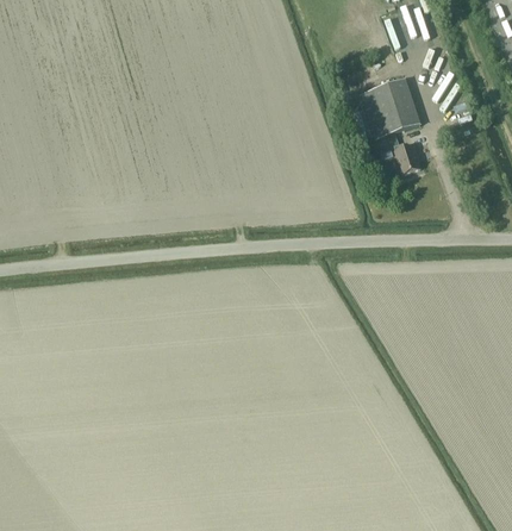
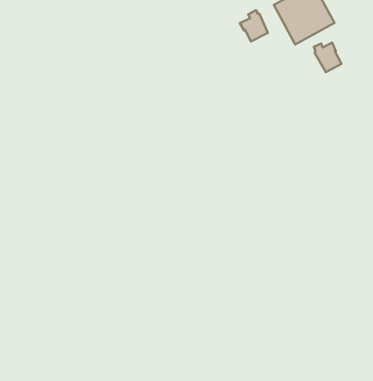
building: none -> [240,10,268,41]

